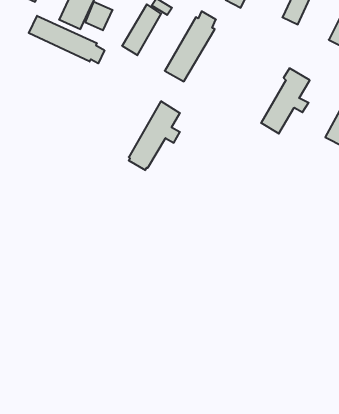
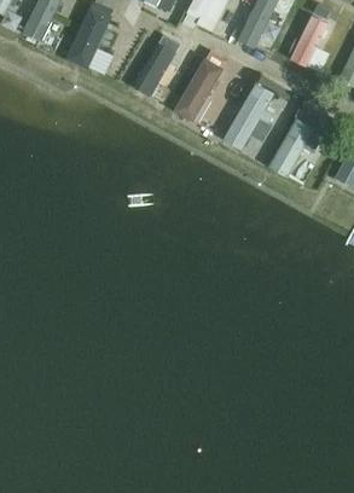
building: [29,16,104,63] -> none
building: [129,101,180,170] -> [222,82,274,152]

